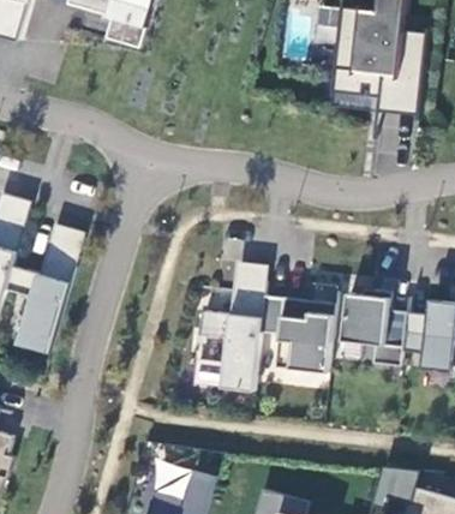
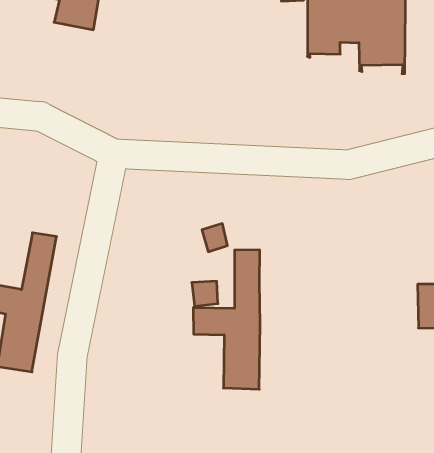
building: [341,288,406,365] -> none
building: [259,294,335,372] -> none

